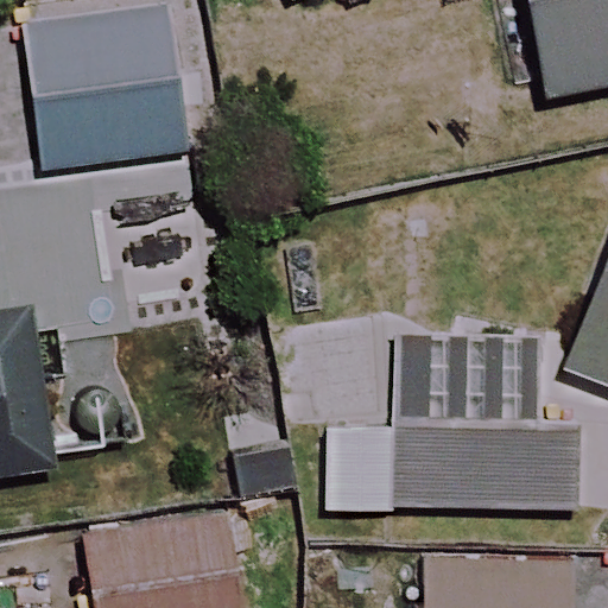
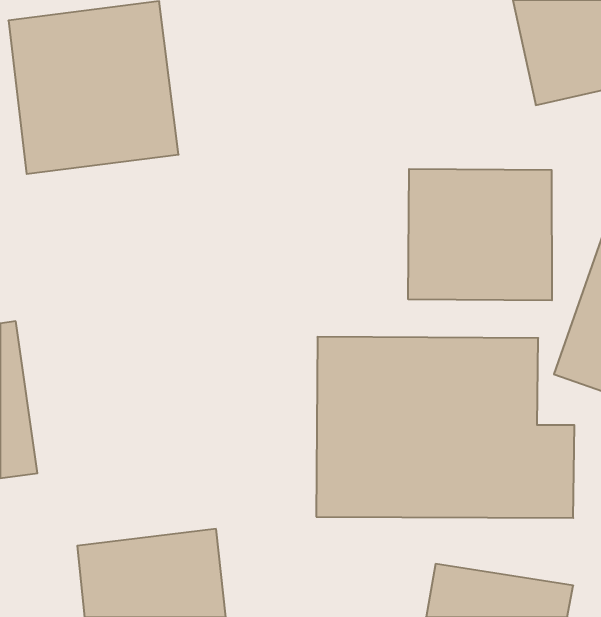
building: none -> [408,169,552,300]

